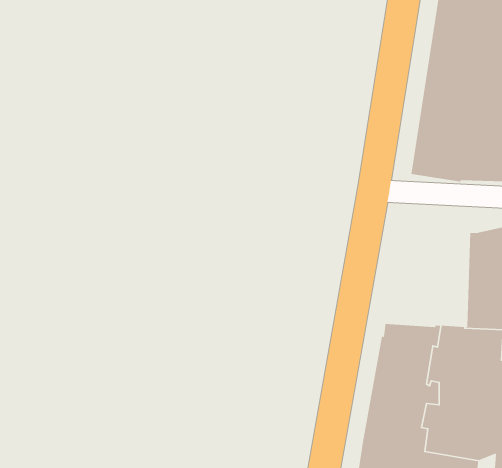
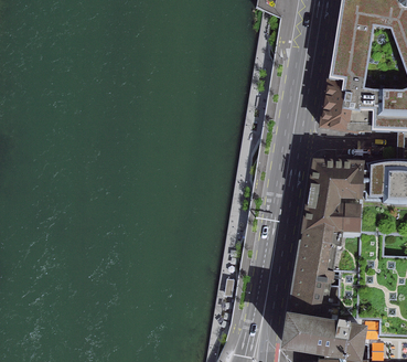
building: none -> [302,161,361,231]

